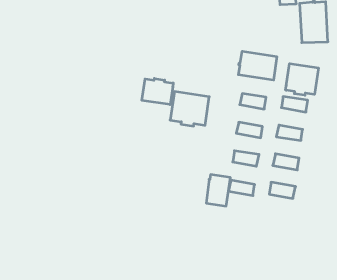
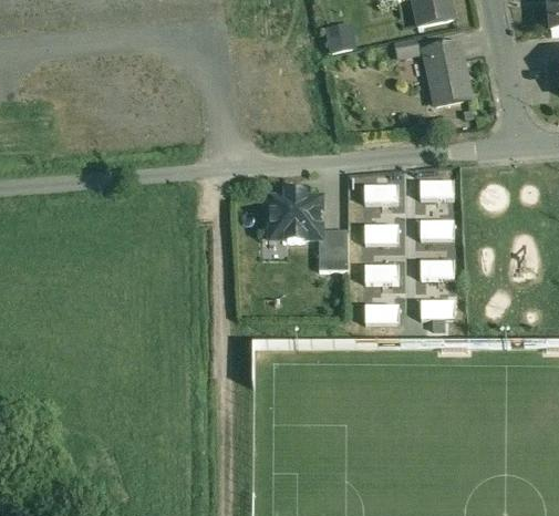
building: [238,51,277,80] -> none
building: [286,64,318,95] -> none
building: [142,78,173,105] -> none
building: [206,175,230,206] -> [318,229,346,269]

